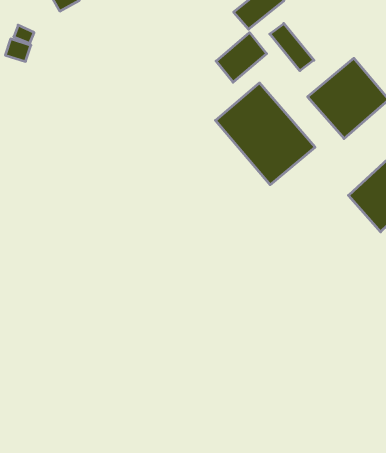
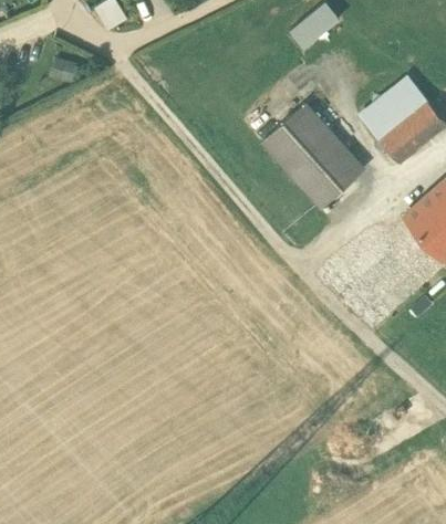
building: [270,23,314,71] -> none
building: [216,33,267,82] -> none

